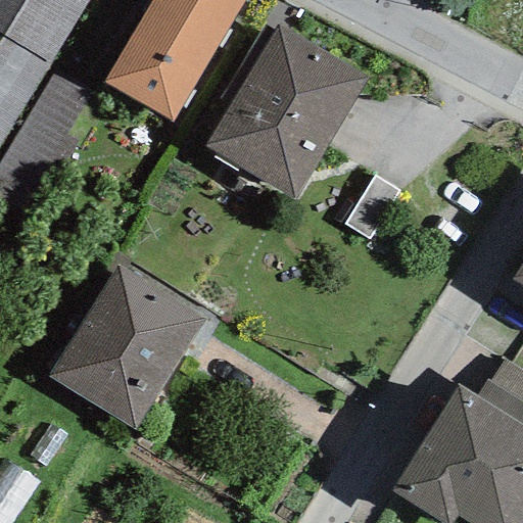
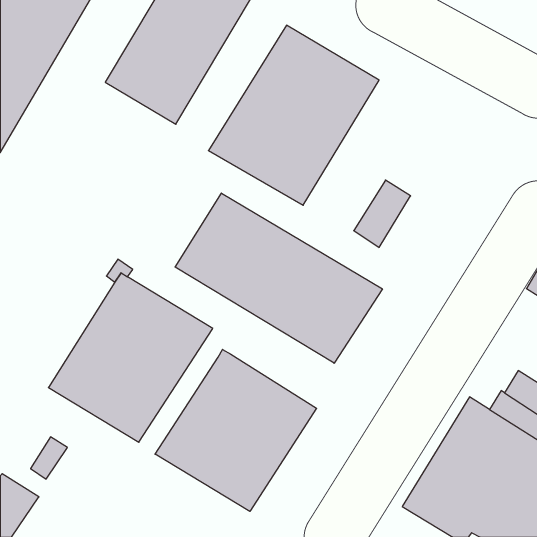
building: none -> [175,193,382,363]
building: none -> [155,349,317,511]

